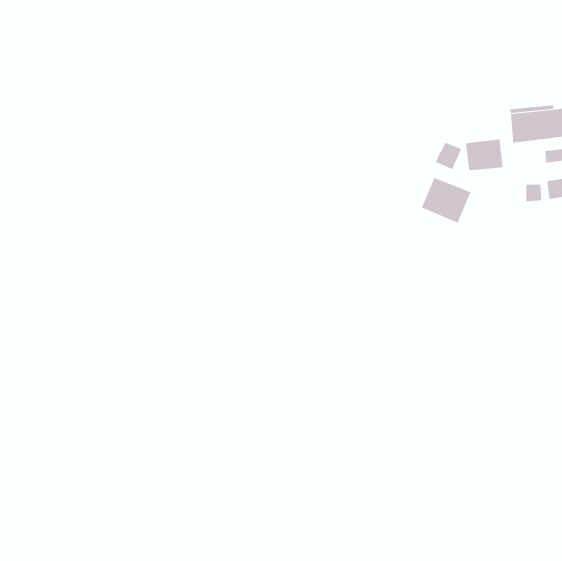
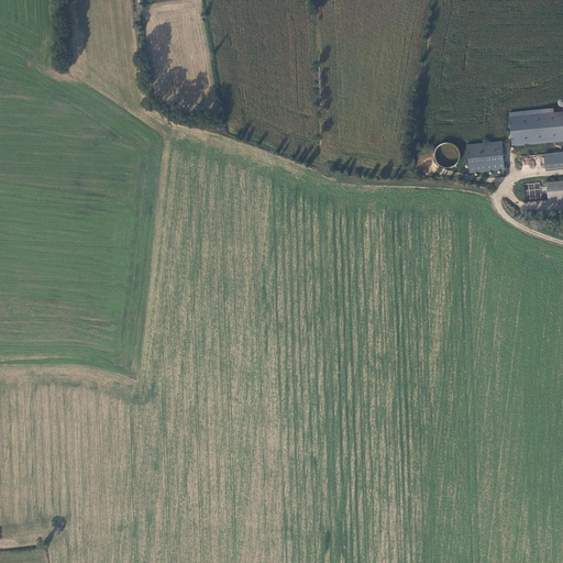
building: [421,177,471,224] -> none

